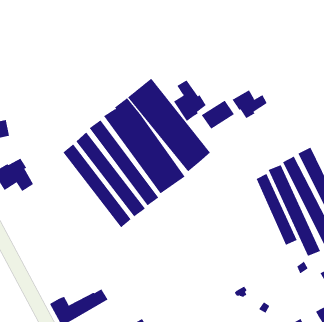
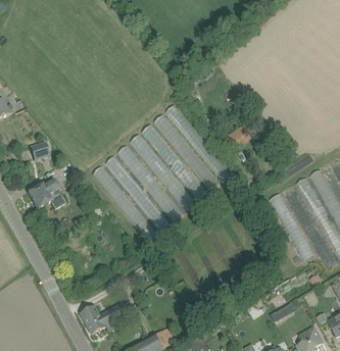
building: [173,79,207,122] -> none
building: [232,90,268,119] -> none

